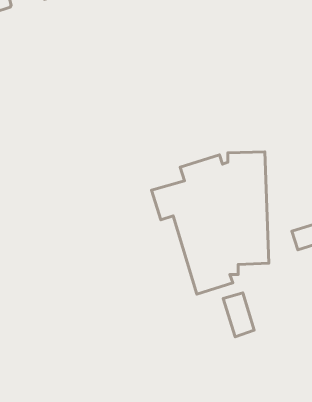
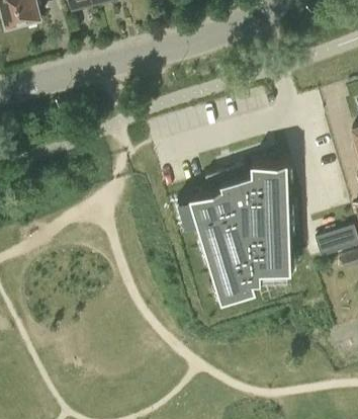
building: [223,293,254,337] -> none

